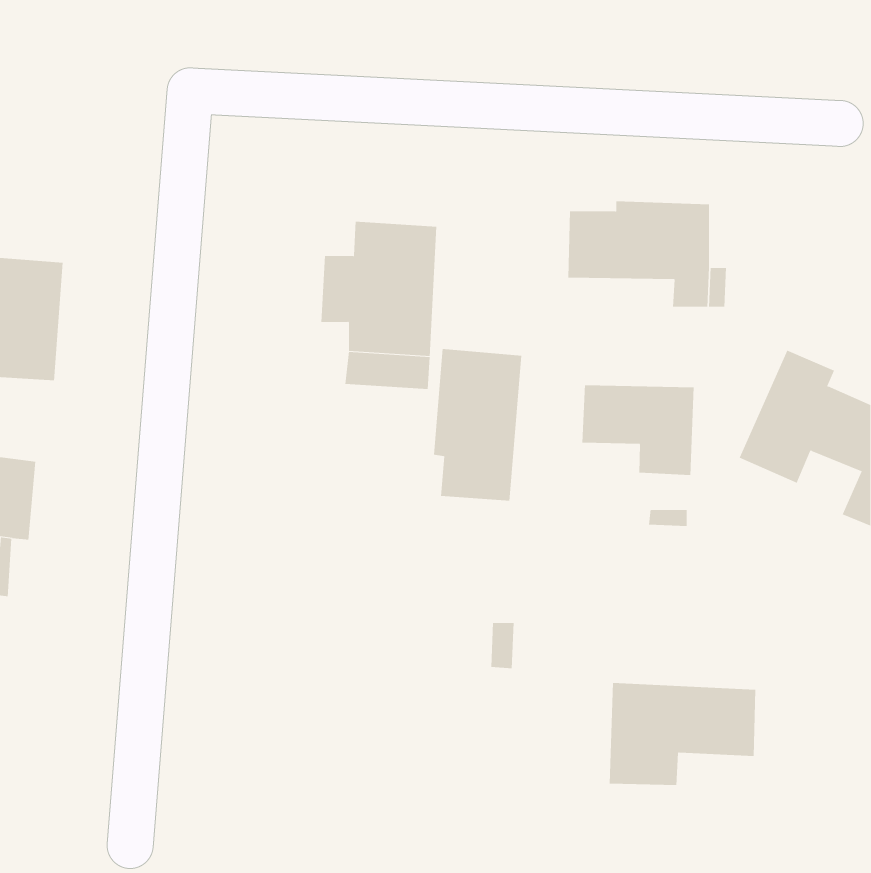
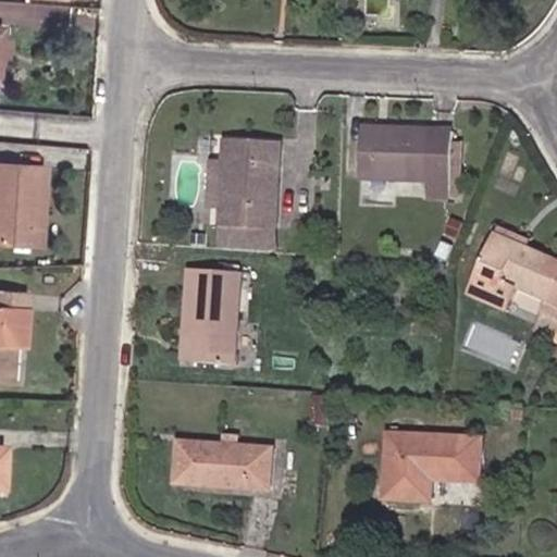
building: [433,349,522,501] -> [184,268,240,364]
building: [582,385,694,476] -> none
building: none -> [175,441,271,487]

